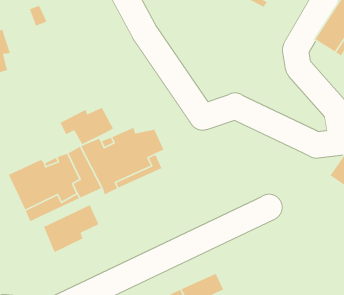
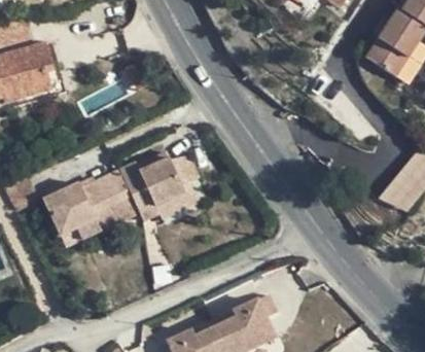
building: [60,107,114,145] -> none
building: [43,204,99,253] -> none

